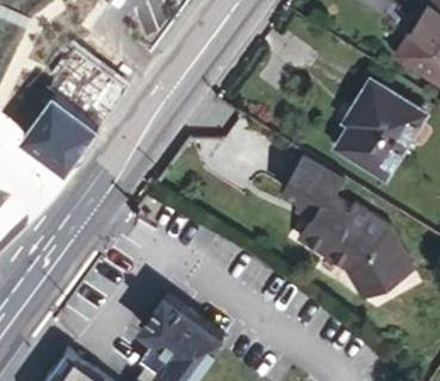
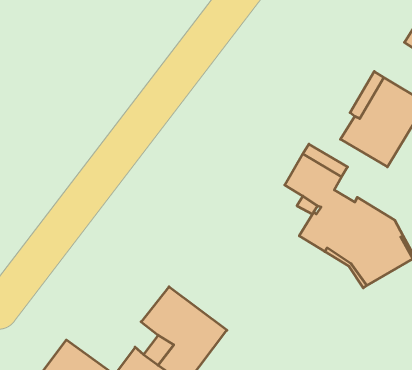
building: [19,92,95,169] -> none

